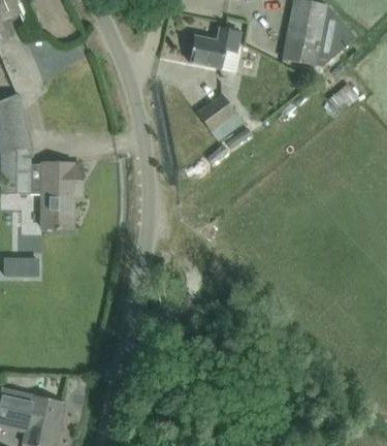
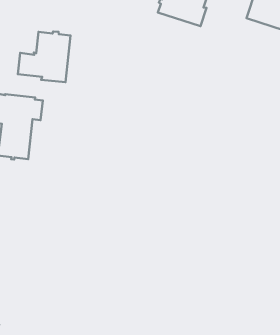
building: none -> [18,32,71,82]
building: [197,94,243,140] -> none

